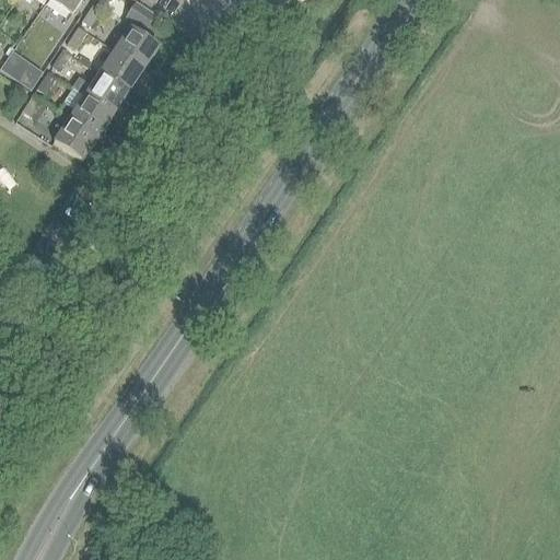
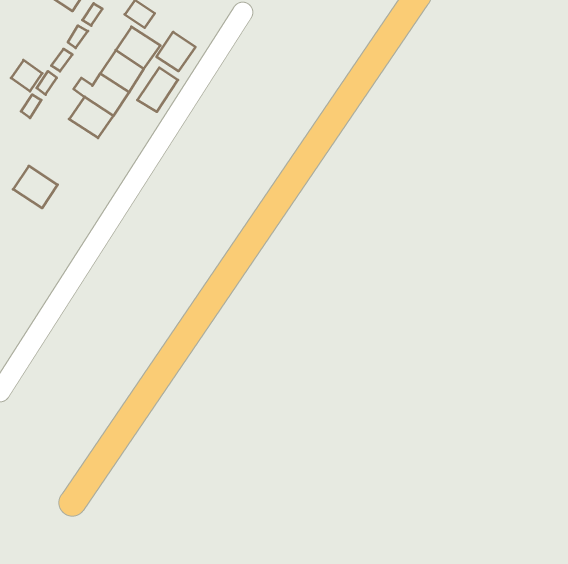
building: none -> [157,32,195,71]
building: none -> [137,68,178,112]
building: [54,117,97,159] -> [13,166,58,208]

